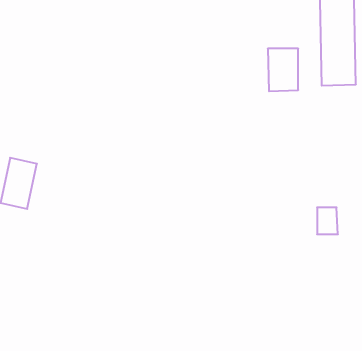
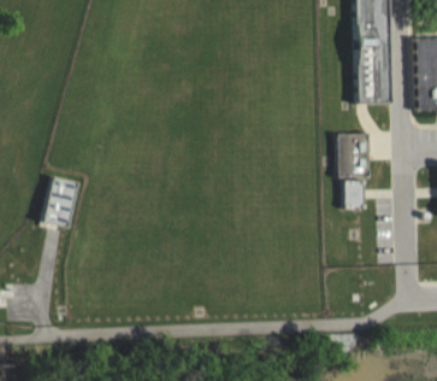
building: [268,49,298,91] -> [336,133,366,175]
building: [317,207,338,234] -> [343,180,364,206]

